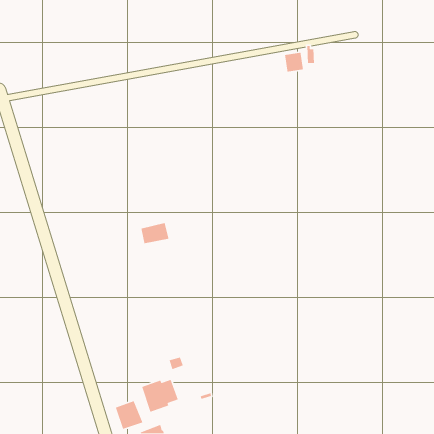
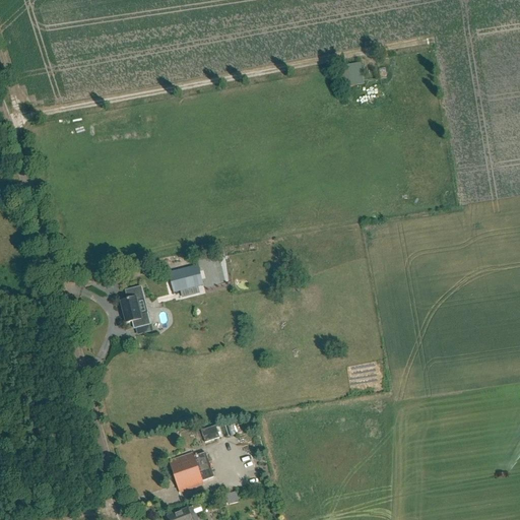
building: none -> [120,286,149,328]
building: [115,400,143,430] -> none

